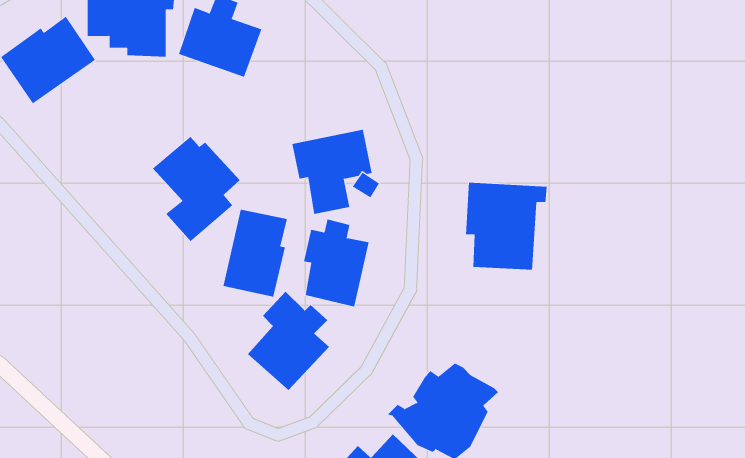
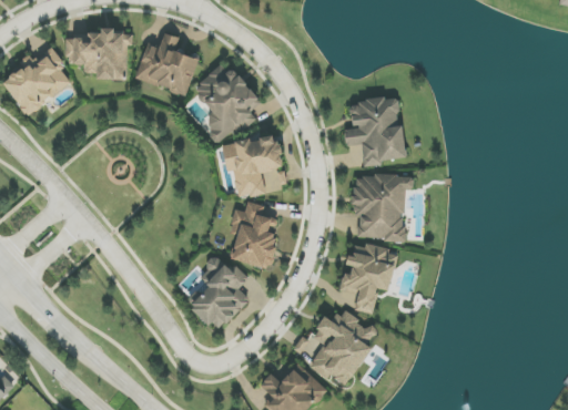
building: none -> [344,95,405,163]
building: [152,136,241,242] -> [192,63,258,143]
building: [223,209,288,297] -> none
building: none -> [339,243,397,312]

